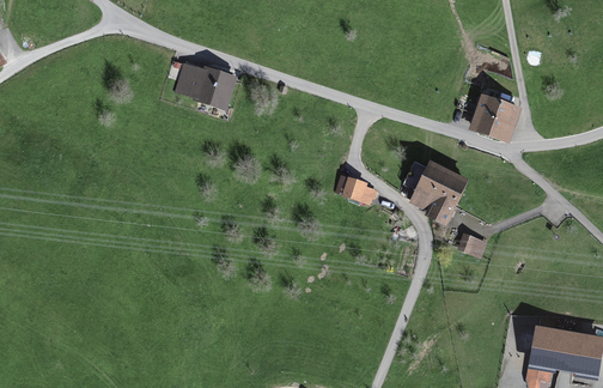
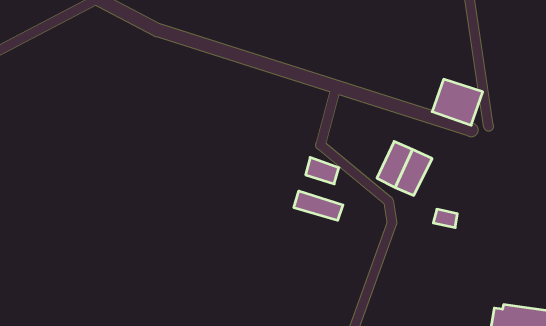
building: [177,59,236,108] -> none
building: none -> [294,191,343,220]

